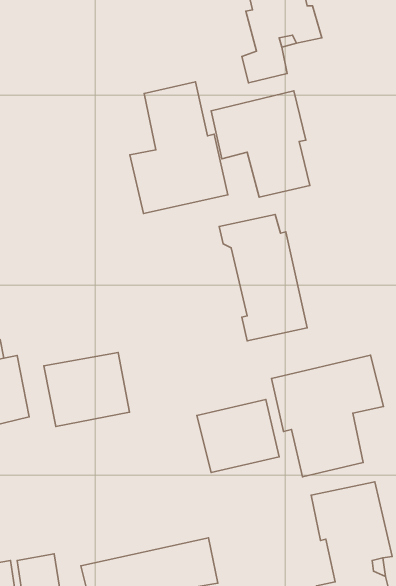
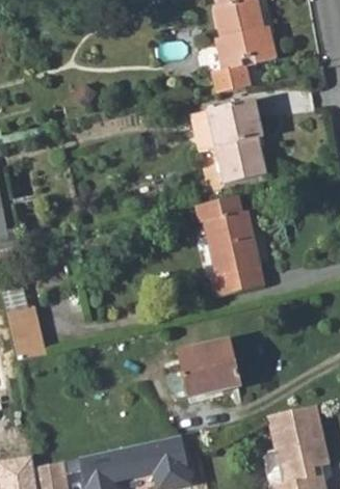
building: [130,82,228,213] -> none
building: [44,352,130,427] -> none
building: [271,355,384,477] -> none

